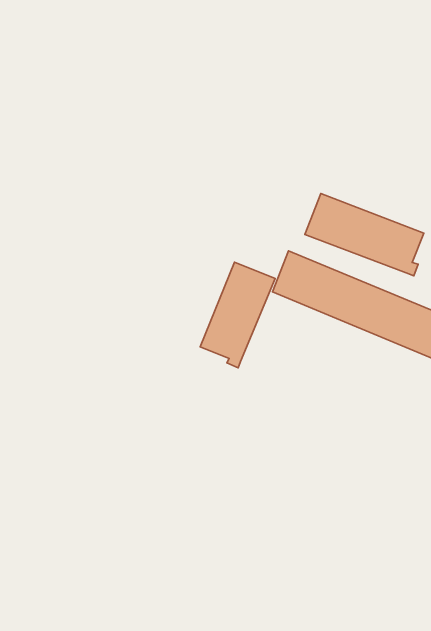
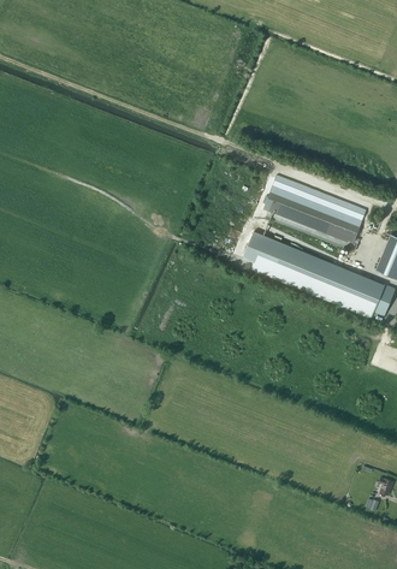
building: [200,262,275,368] -> none

